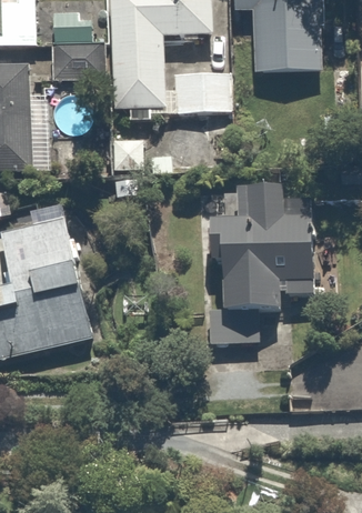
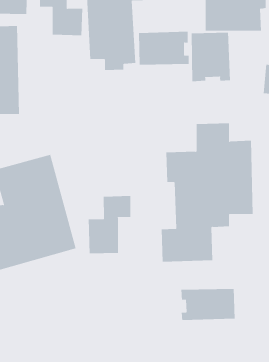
building: none -> [191,32,231,82]
building: none -> [88,195,131,254]
building: none -> [181,288,235,321]

